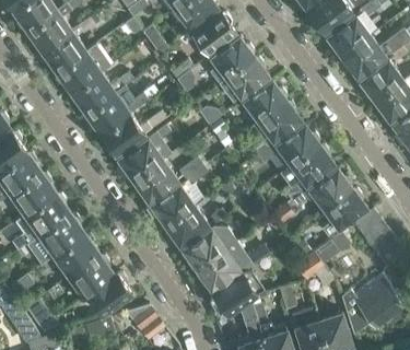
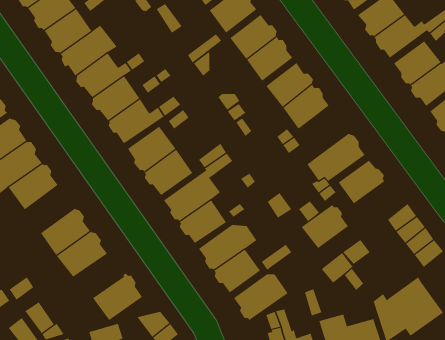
building: [277,126,319,166] -> none
building: [324,189,367,230] -> [301,204,349,249]
building: [14,192,71,250] -> none
building: [69,255,115,298] -> none

